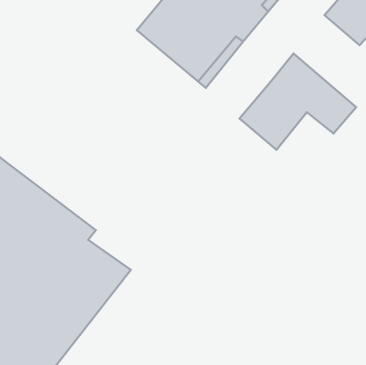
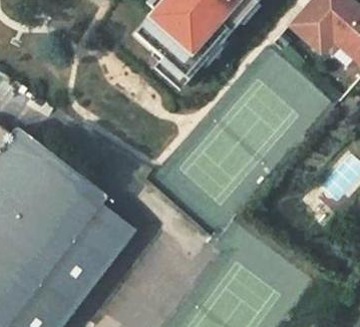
building: [240,53,356,150] -> none

